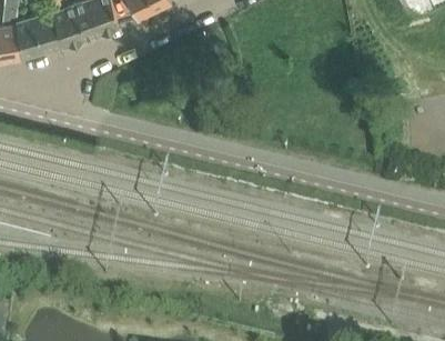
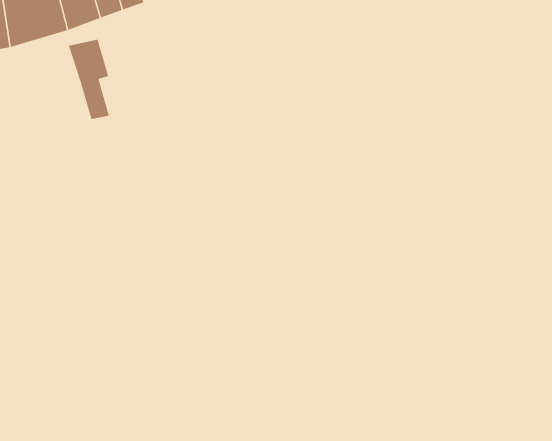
building: none -> [68,39,110,120]

